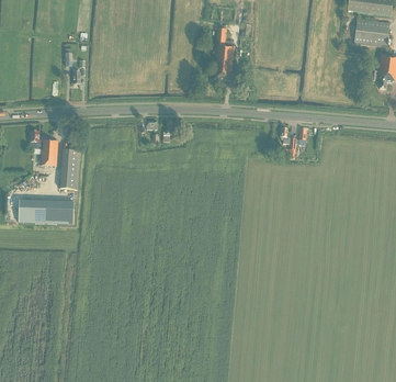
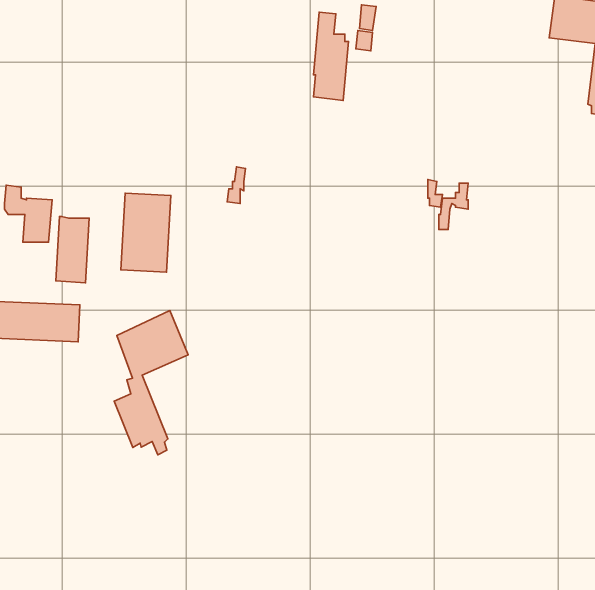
building: none -> [121,193,171,272]
building: none -> [114,310,188,455]

